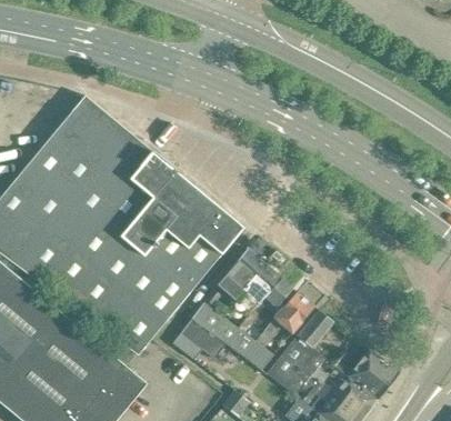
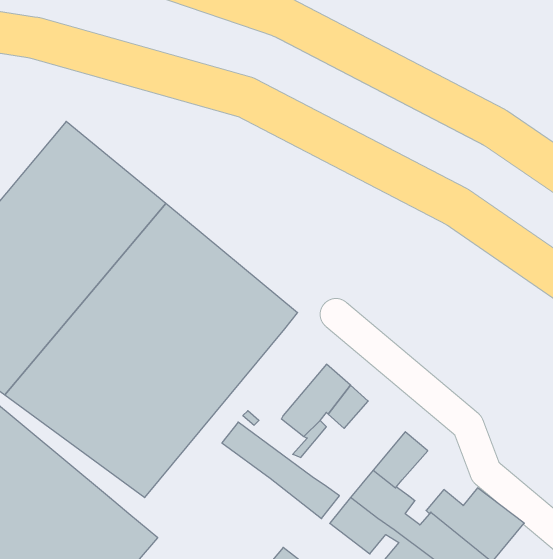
building: [217,249,264,299] -> none
building: [254,291,314,348] -> none
building: [172,318,226,360] -> none

